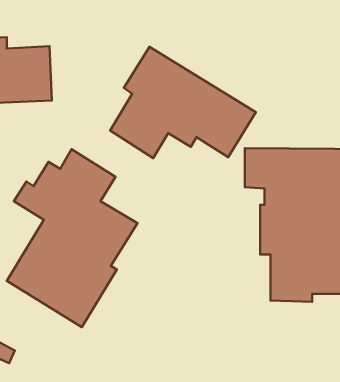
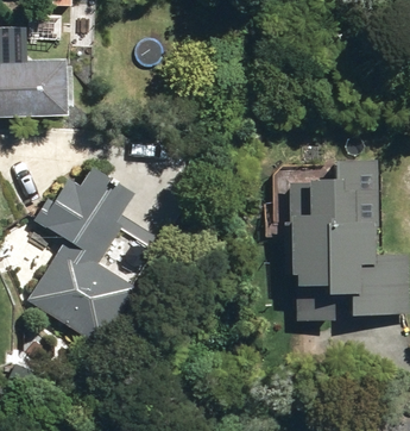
building: [110,47,256,158] -> none

